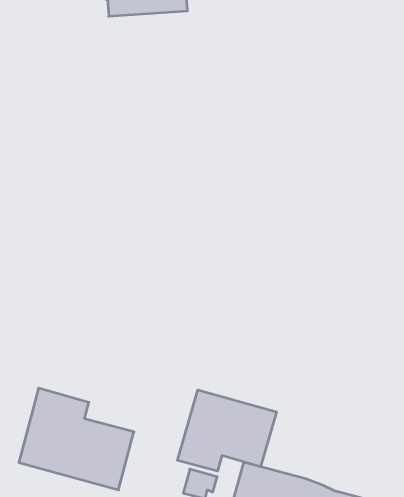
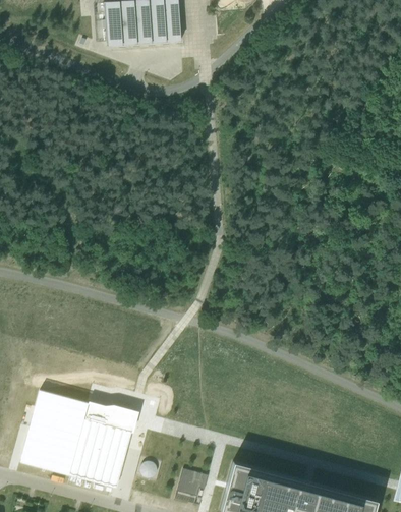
building: [177,390,277,471] -> none
building: none -> [84,405,137,435]

